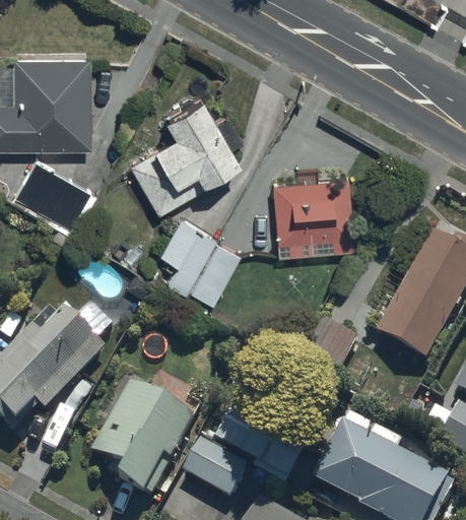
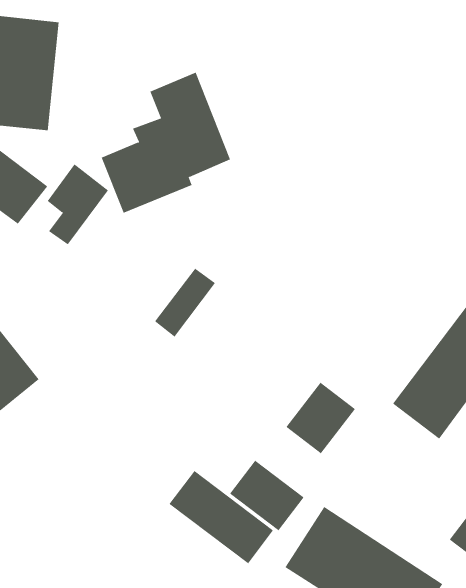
building: [274,180,347,243] -> none
building: [160,221,209,287] -> [47,164,109,245]
building: [89,387,184,497] -> none
building: [180,443,241,498] -> [229,460,305,531]

